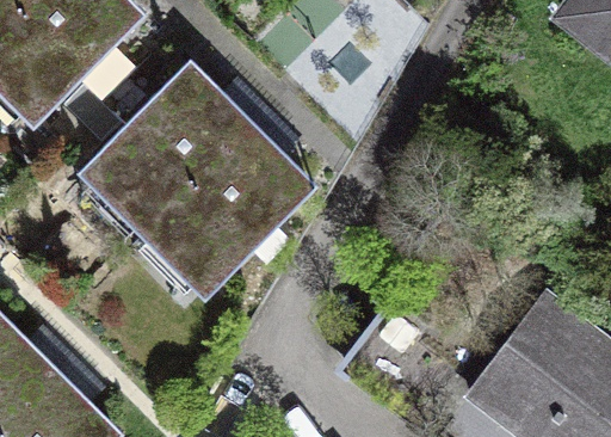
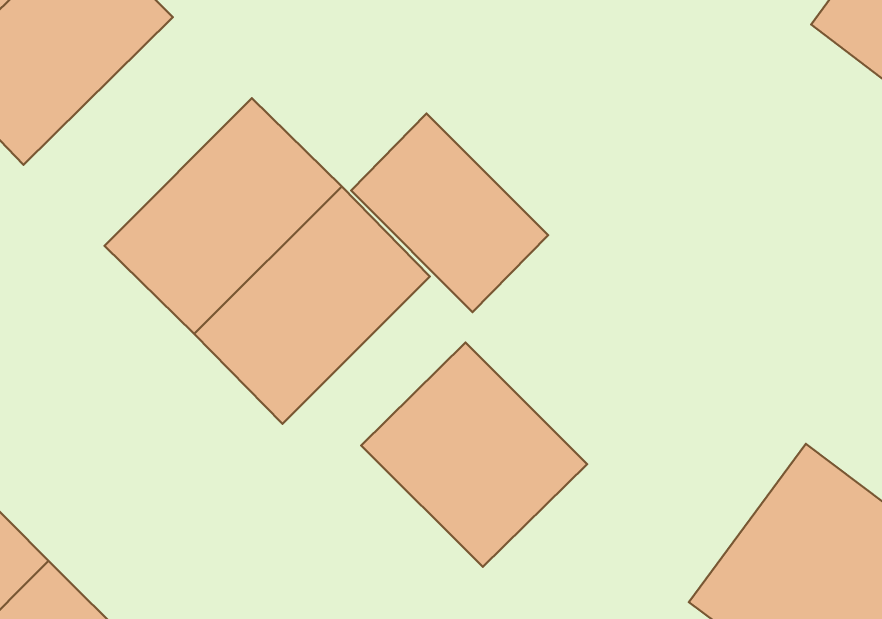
building: none -> [351,113,548,312]
building: none -> [361,343,587,567]

